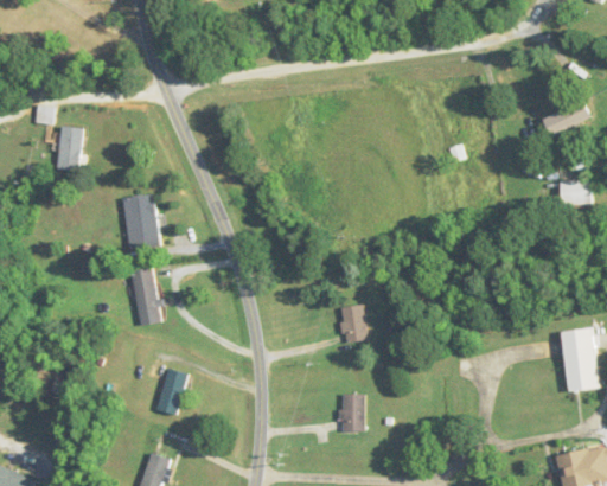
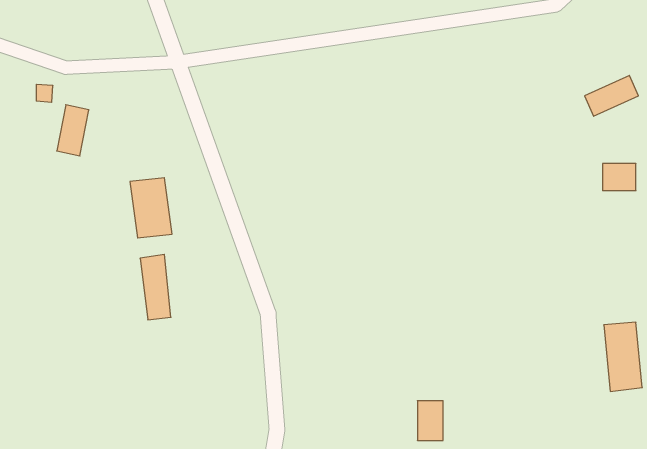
building: [343,306,365,341] -> none
building: [158,367,189,414] -> none
building: [340,394,364,430] -> [417,401,443,440]

